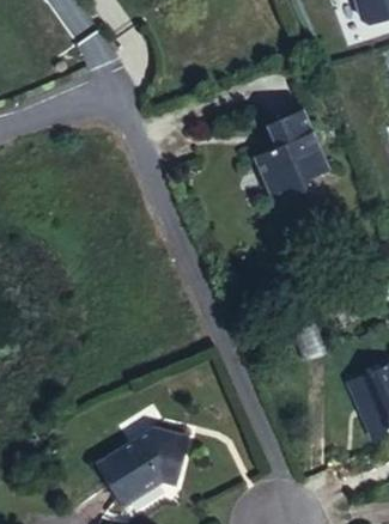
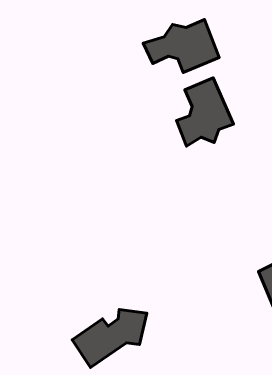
building: none -> [143,19,219,73]

